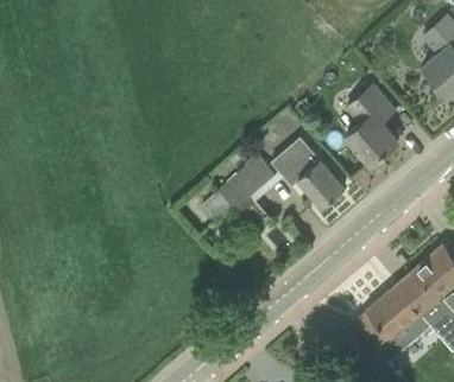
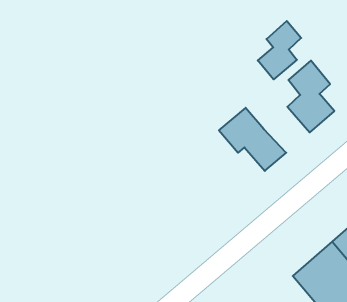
building: none -> [258,21,301,79]
building: [204,153,276,222] -> none

